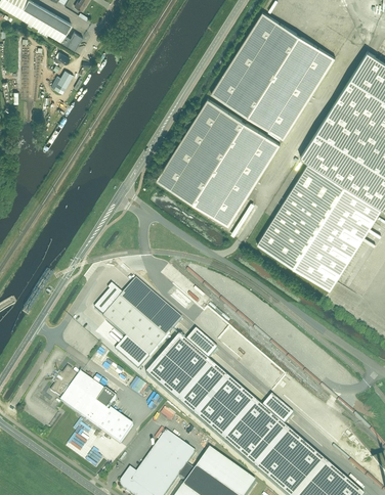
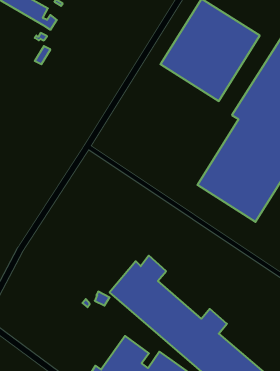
building: [157,97,282,225] -> none
building: [96,278,183,370] -> none
building: [51,366,134,443] -> none

